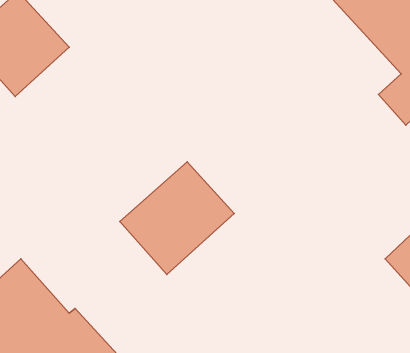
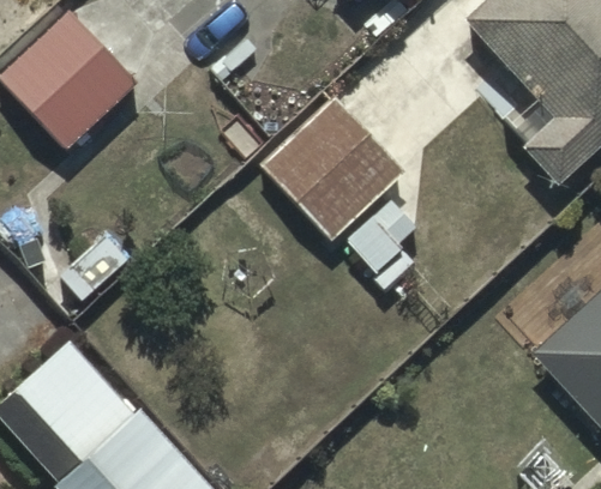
building: none -> [266,99,404,237]
building: [120,162,234,274] -> none

